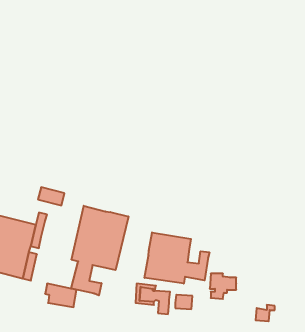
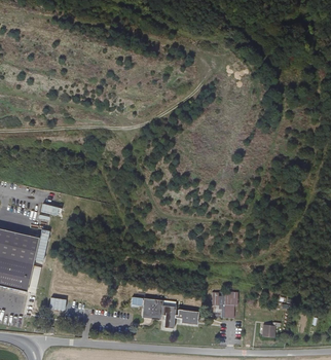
building: [71,206,128,295] -> none
building: [145,232,209,284] -> none

